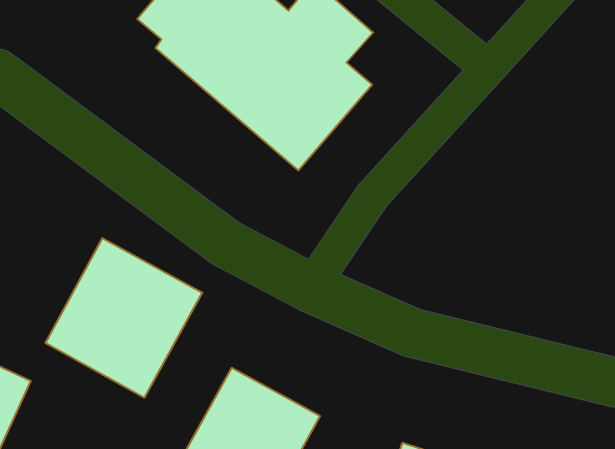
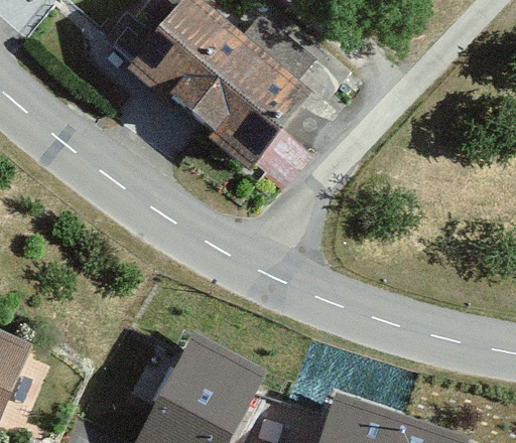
building: [45,238,202,398] -> none

